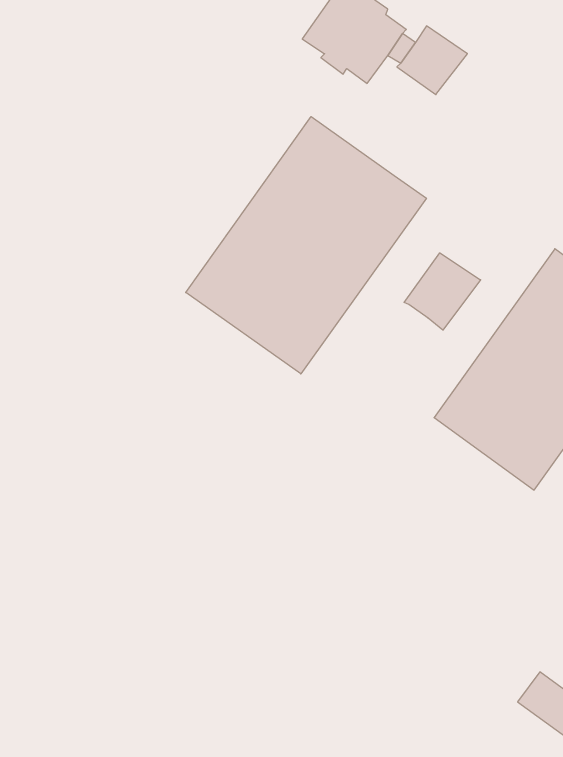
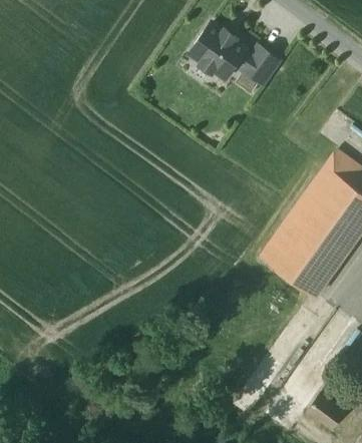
building: [186,117,426,374] -> none
building: [404,253,481,330] -> none

